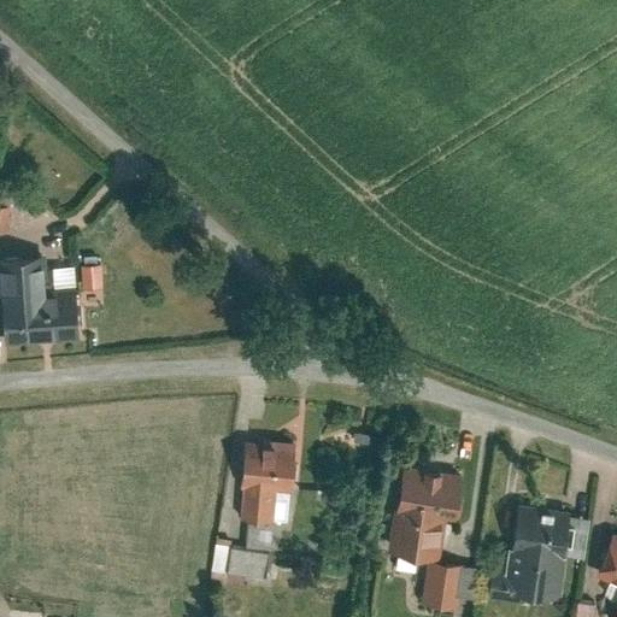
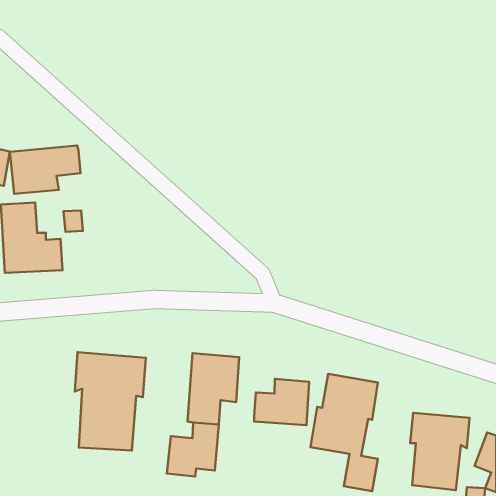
building: none -> [10,145,81,194]
building: none -> [75,352,146,451]
building: none -> [254,379,309,425]

